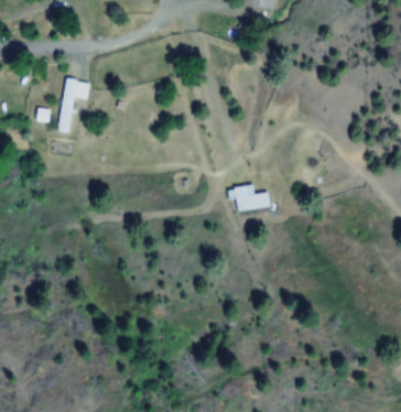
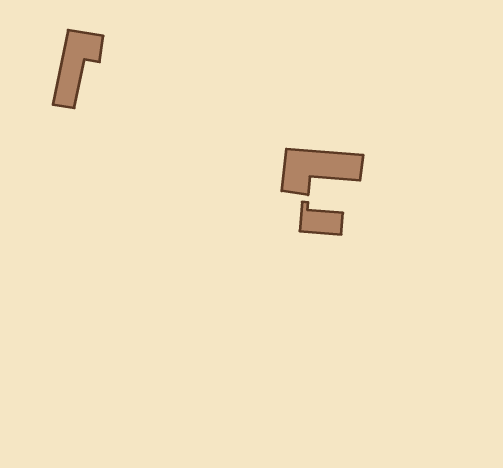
building: none -> [282,149,363,195]

